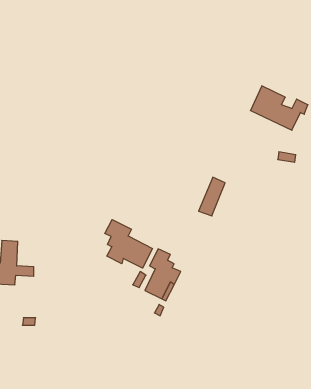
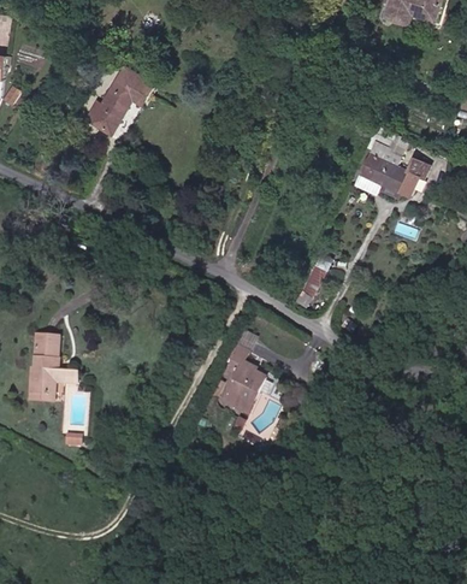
building: none -> [84,65,155,136]
building: [105,220,152,268] -> none

